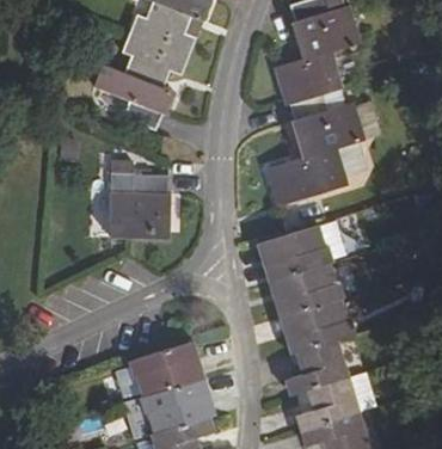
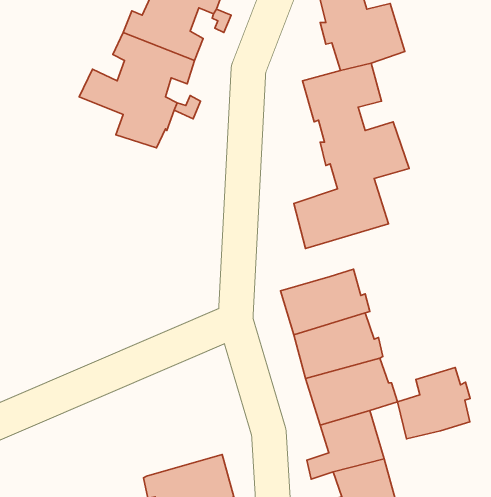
building: [109,174,170,236] -> none
building: none -> [397,367,470,439]
building: [135,339,210,394] -> none

